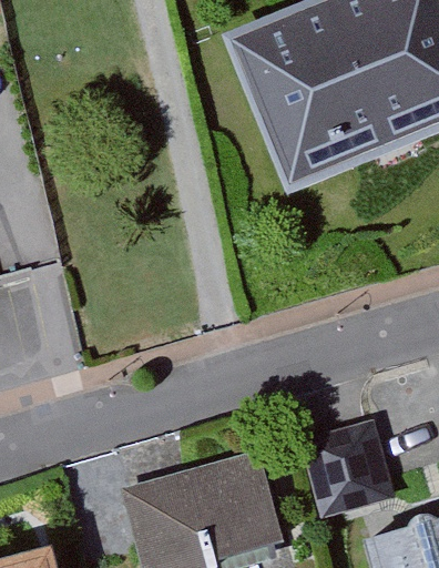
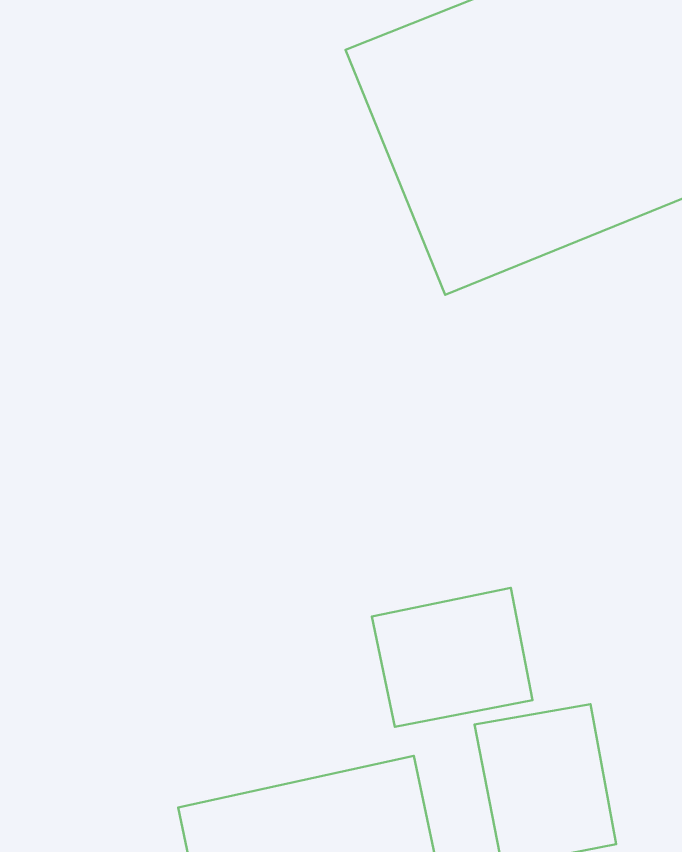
building: none -> [372,588,532,727]

